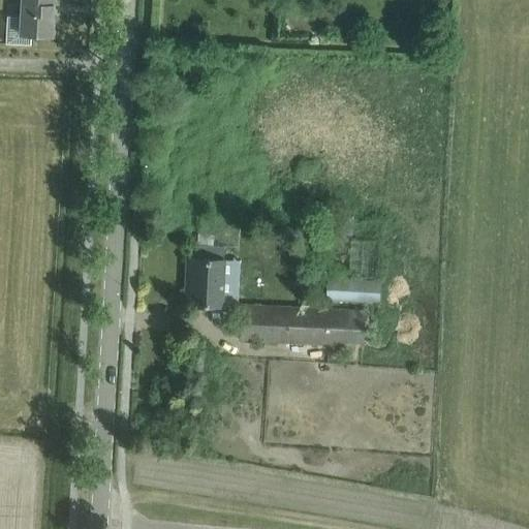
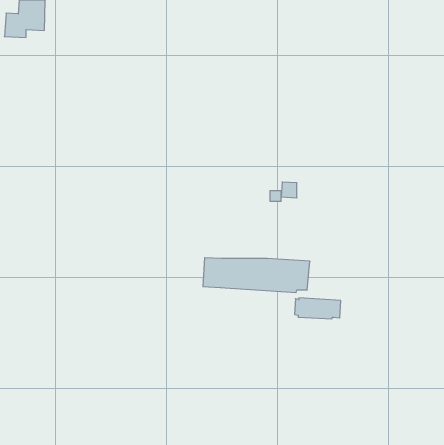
building: [187,246,225,306] -> none
building: [328,278,382,303] -> [295,298,341,319]

